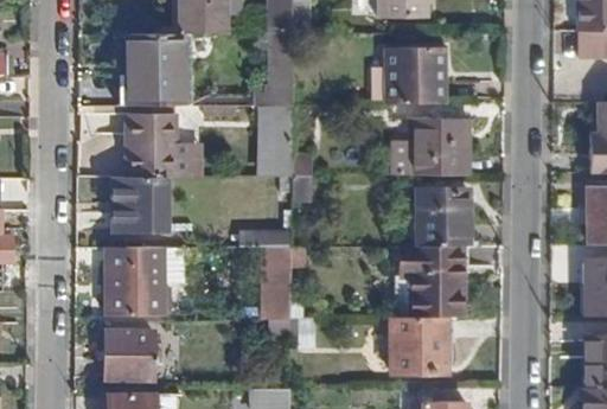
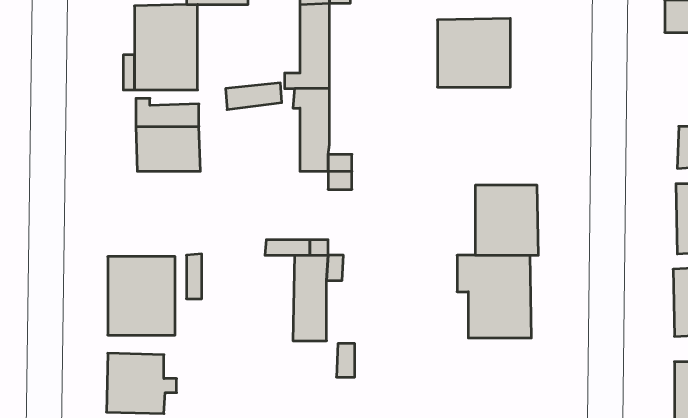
building: [390,119,471,175] -> none
building: [115,175,168,230] -> none
building: [389,317,447,375] -> none

